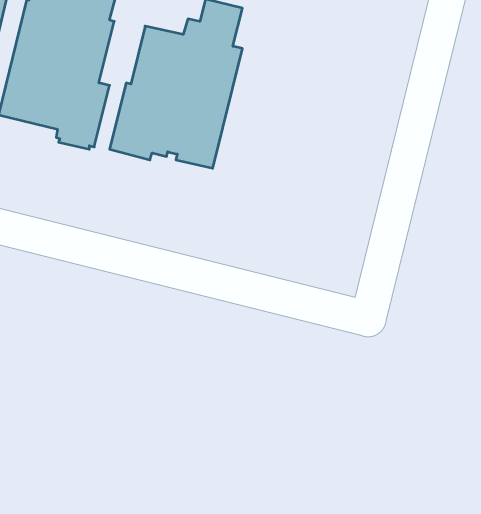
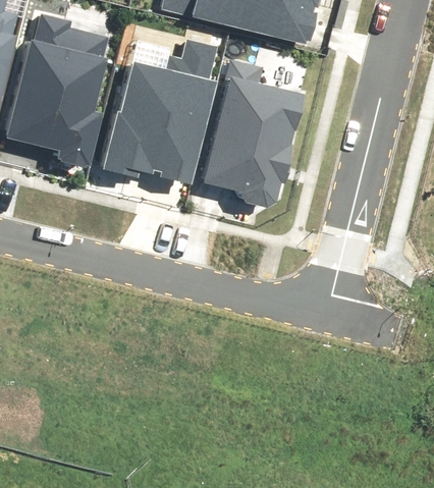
building: none -> [203,60,304,208]

